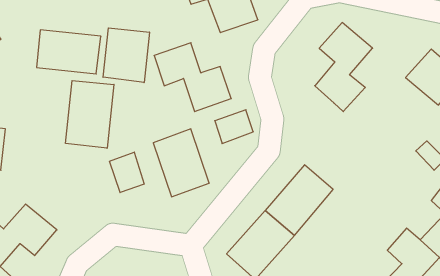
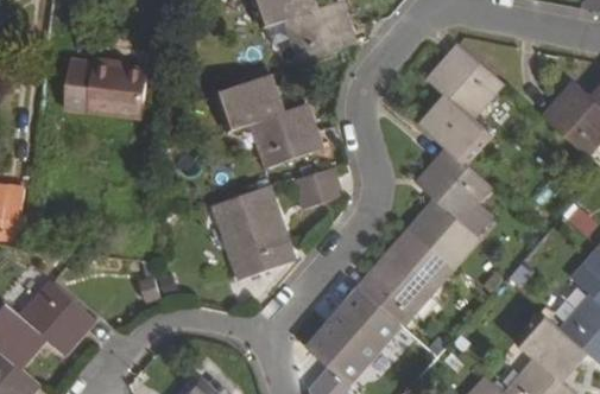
building: [103,28,149,83] -> none
building: [66,81,114,148] -> none
building: none -> [411,153,486,265]
building: [109,152,144,193] -> none

